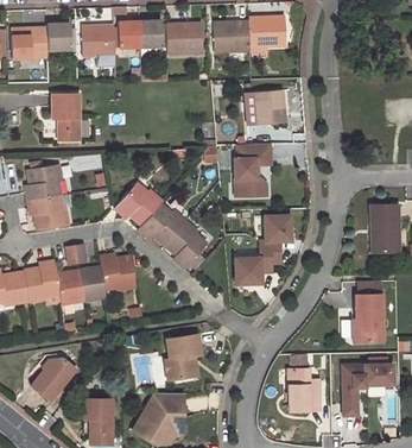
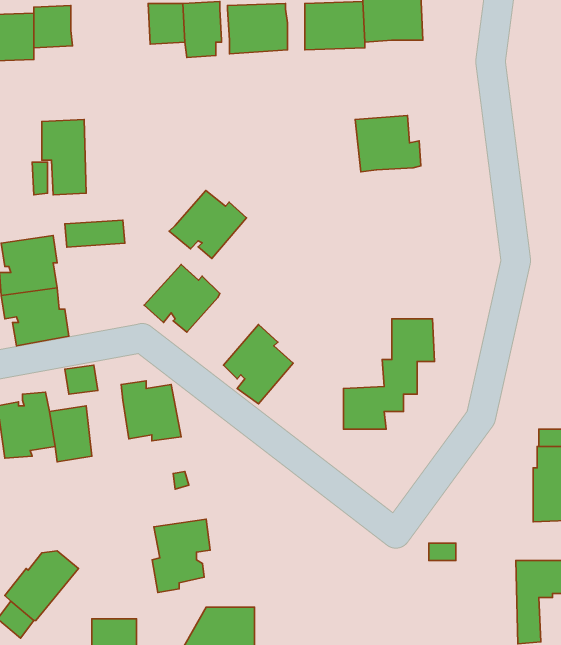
building: [81,25,115,64] -> none
building: [234,143,271,189] -> none
building: [138,202,185,244] -> [169,191,247,258]
building: [80,265,107,299] -> none
building: [164,334,199,379] -> [152,519,210,593]
building: [289,368,319,410] -> none

